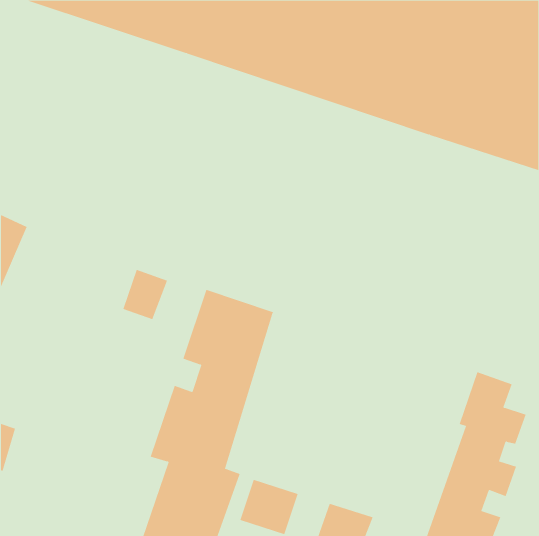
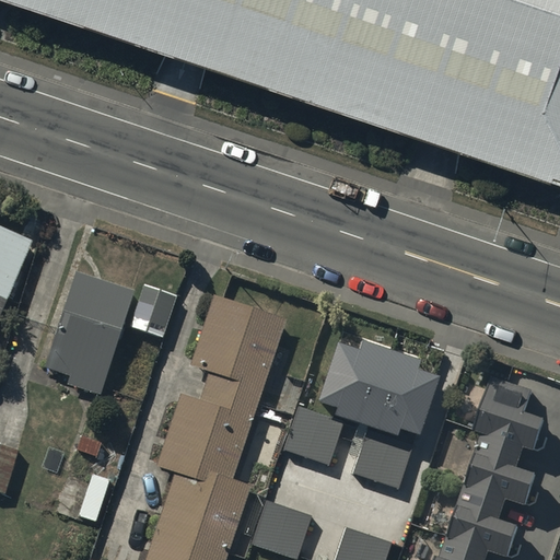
building: none -> [42,269,130,390]
building: none -> [317,335,432,478]
building: none -> [281,409,340,467]

